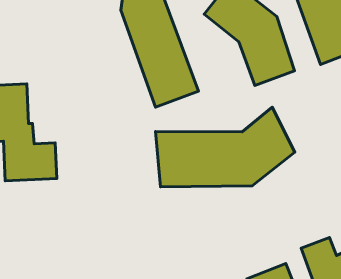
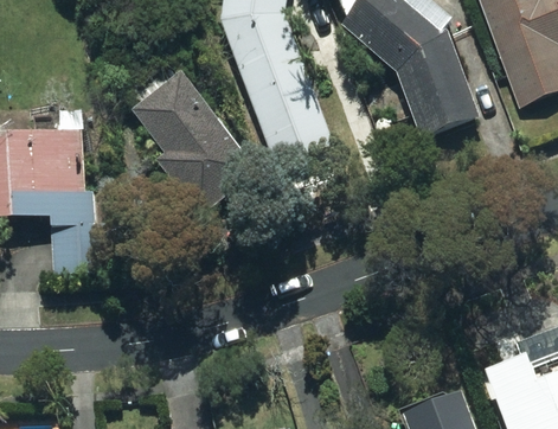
building: none -> [132,70,256,210]
building: [156,107,295,187] -> none

